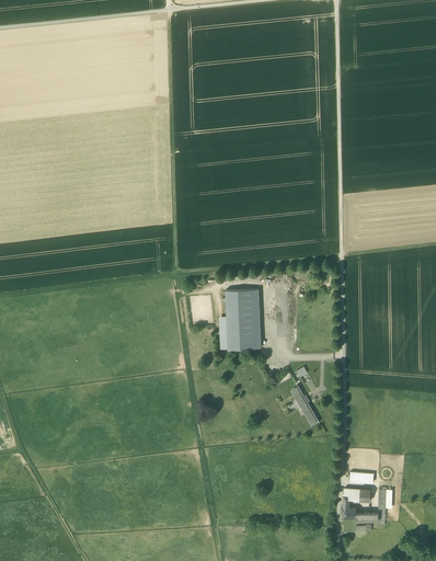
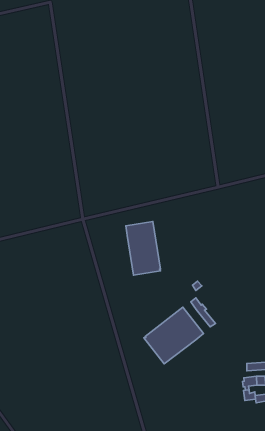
building: none -> [144,307,203,364]

